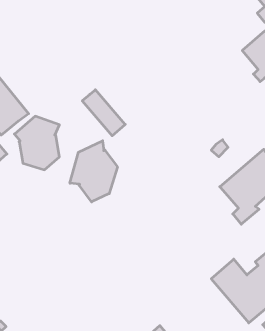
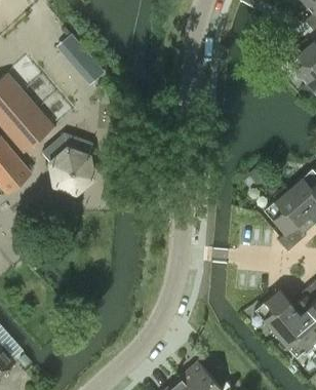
building: [82,90,125,136] -> [57,36,105,86]
building: [70,141,117,202] -> none

